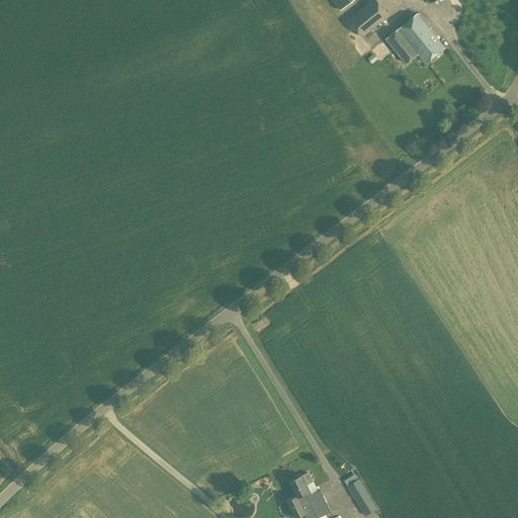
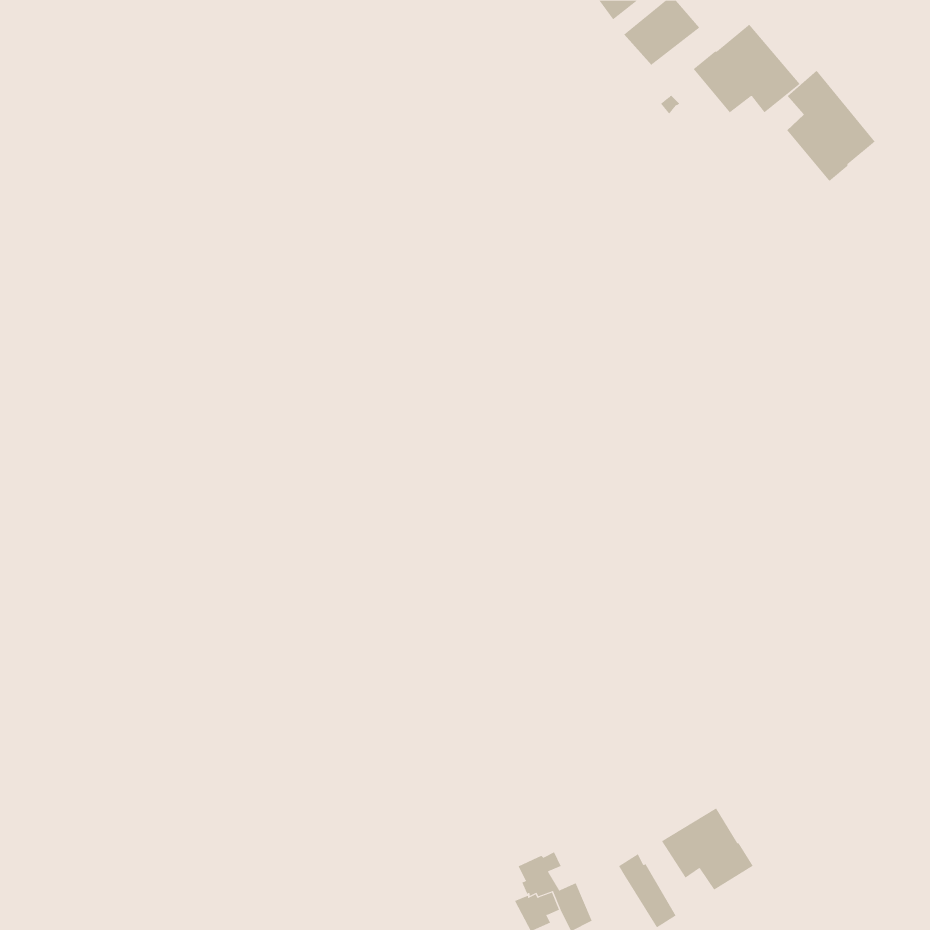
building: none -> [786,70,876,182]
building: none -> [661,808,754,891]

